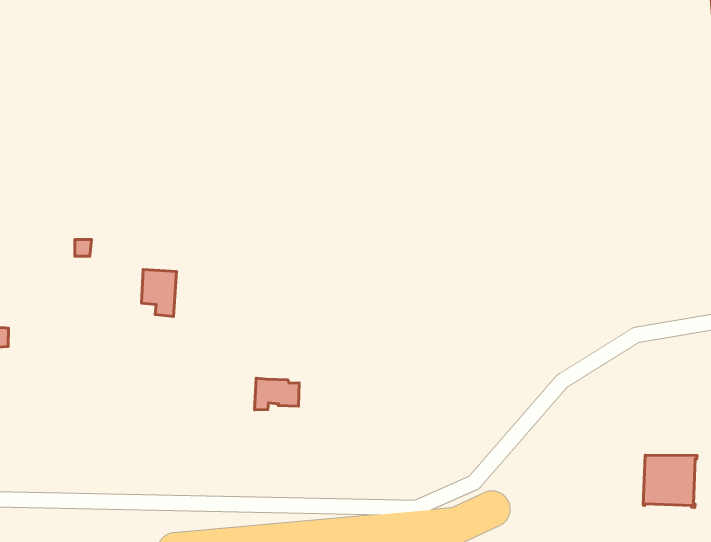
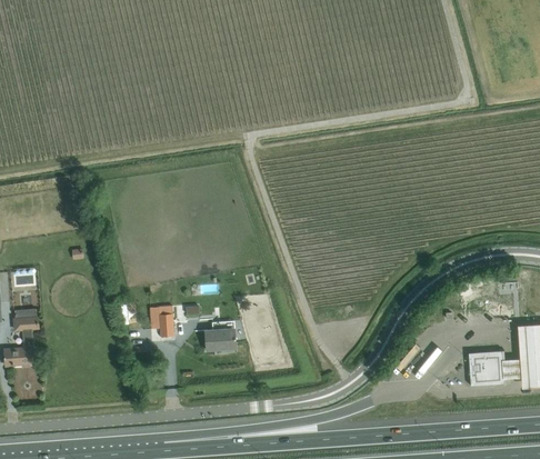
building: [141,270,177,317] -> [150,306,173,336]

